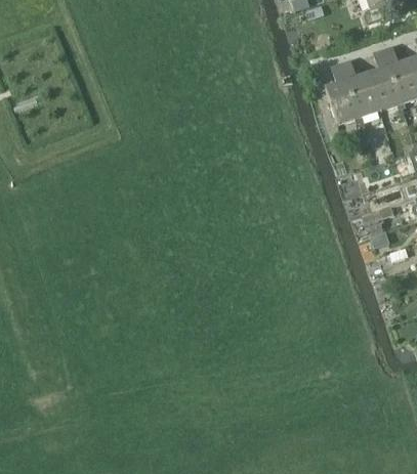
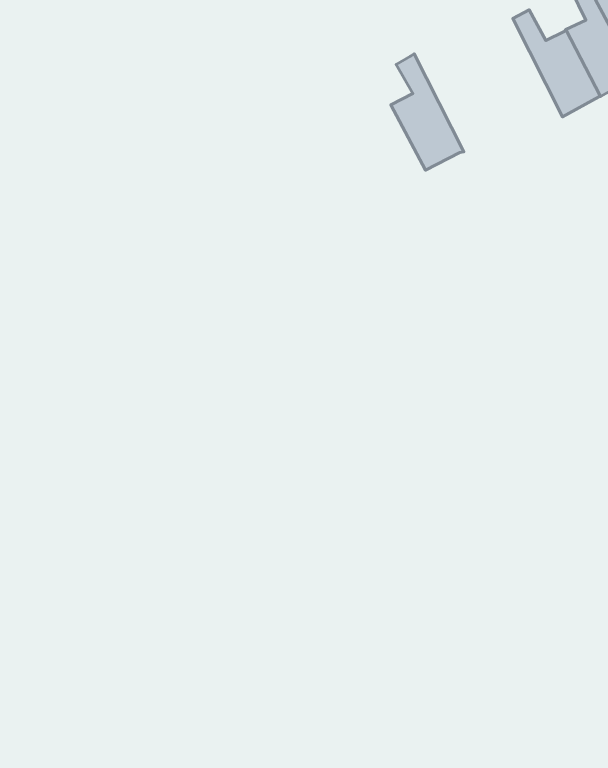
building: [326,61,360,123] -> [391,54,464,170]

